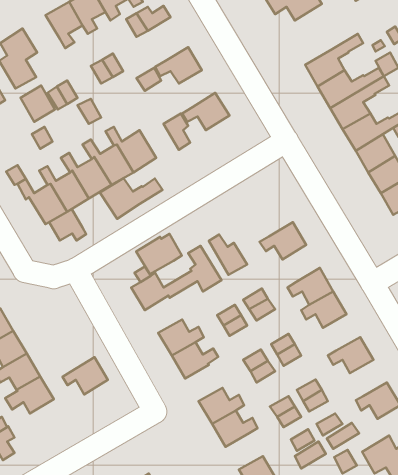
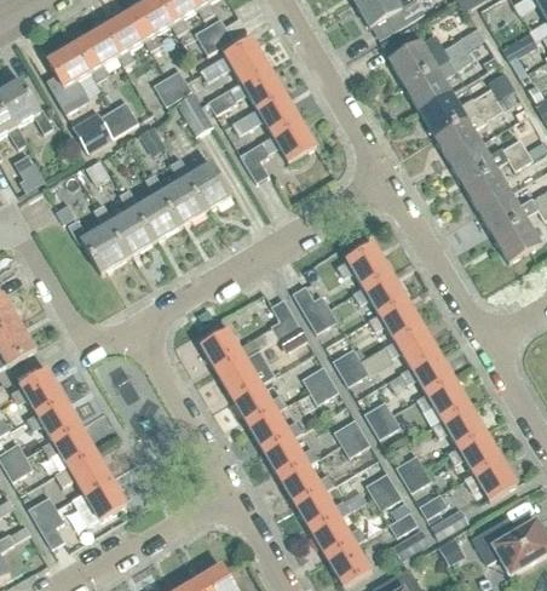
building: none -> [75,27,119,82]
building: none -> [390,27,484,85]
building: none -> [201,38,269,80]
building: none -> [232,91,300,134]
building: none -> [177,92,213,136]
building: [100,178,162,219] -> none
building: none -> [336,242,391,286]
building: [49,209,86,240] -> none
building: [136,234,182,274] -> [218,351,271,398]
building: none -> [368,296,422,339]
building: none -> [416,377,470,419]
building: [62,357,108,394] -> [74,476,127,520]
building: none -> [448,430,501,472]
building: none -> [265,436,318,478]
building: none -> [312,516,365,558]

